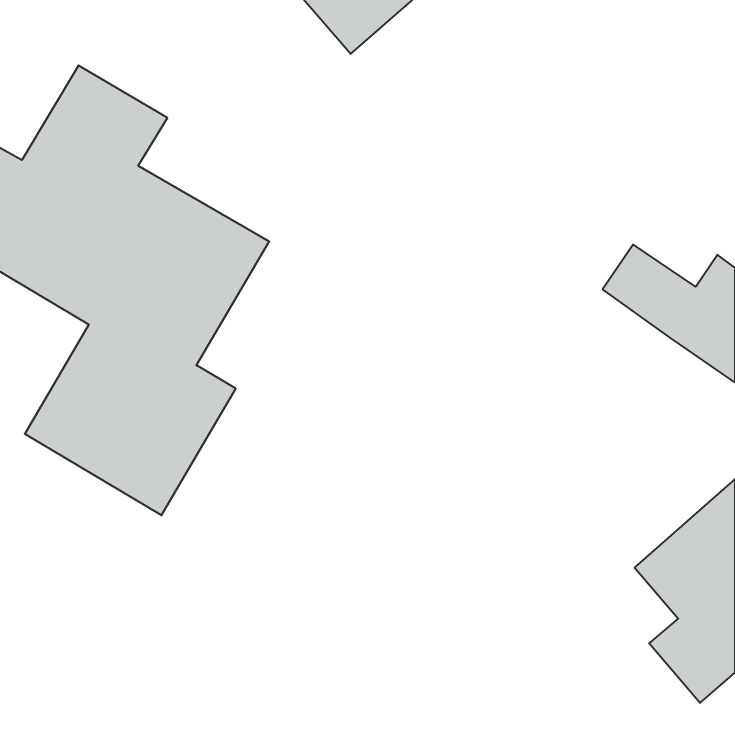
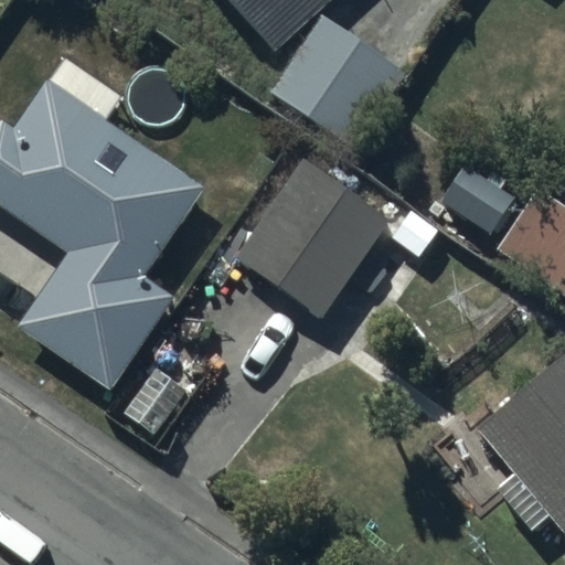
building: none -> [271,17,404,146]
building: none -> [241,160,386,310]

